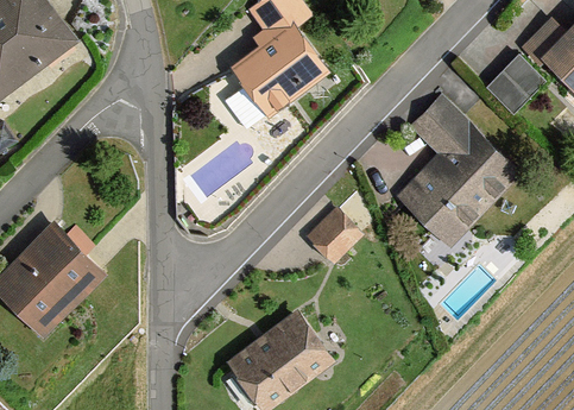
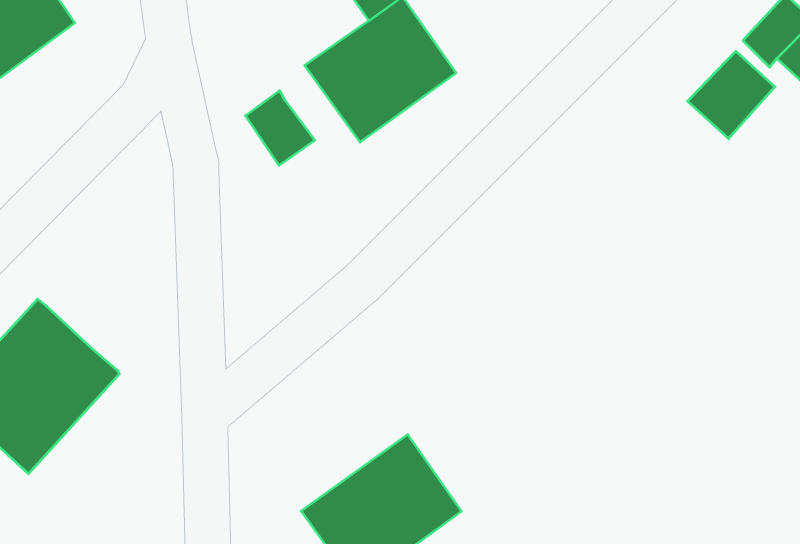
building: none -> [245,91,315,165]
building: [398,94,523,247] -> none
building: [307,208,362,264] -> none

